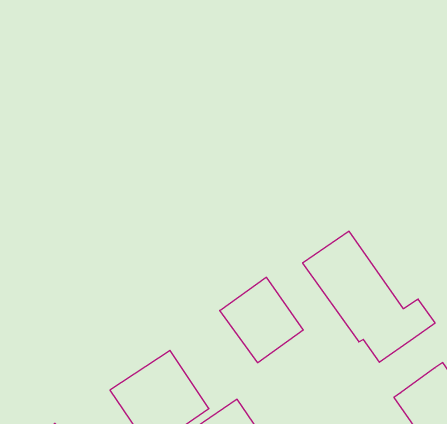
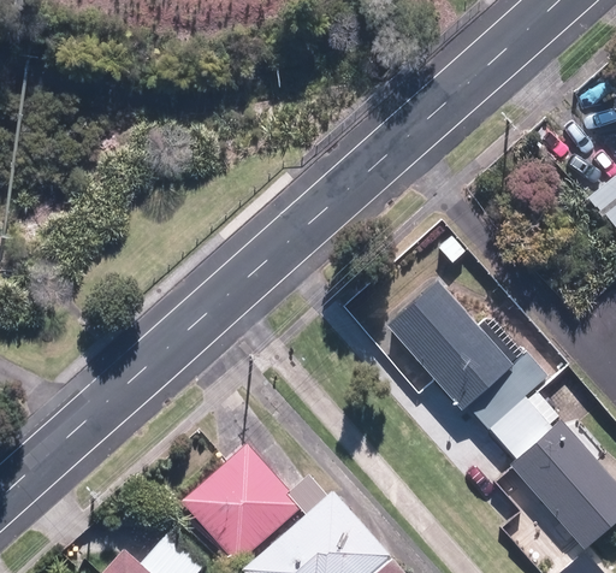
building: [220,277,303,363] -> none
building: none -> [490,397,555,462]

